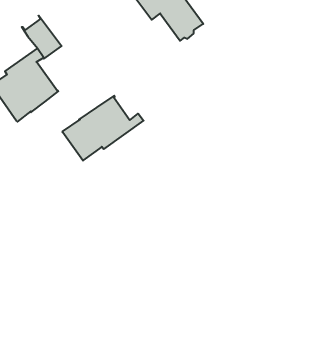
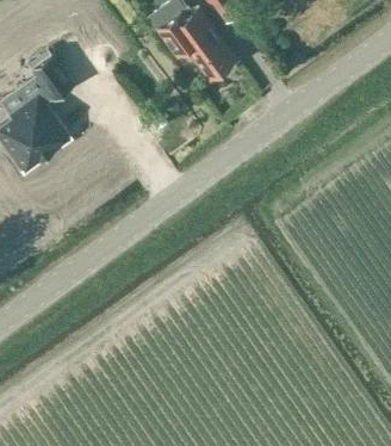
building: [63,96,144,161] -> none

